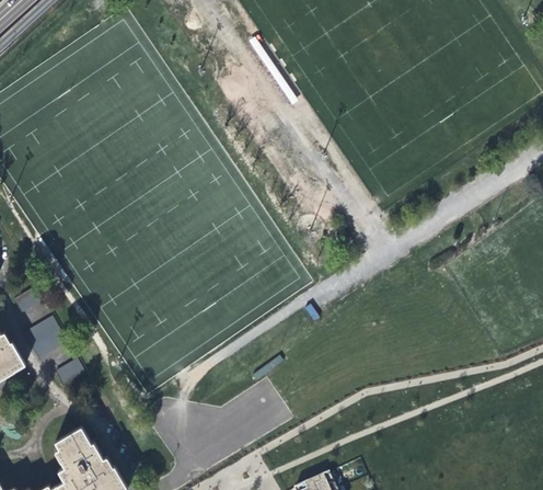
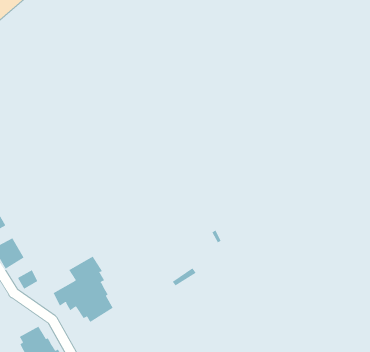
building: none -> [53,256,114,323]

